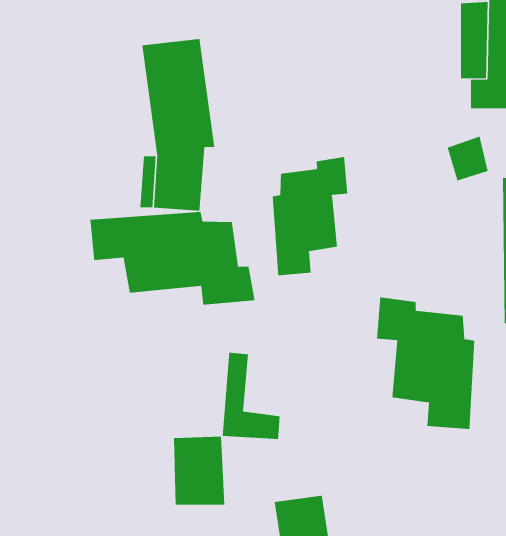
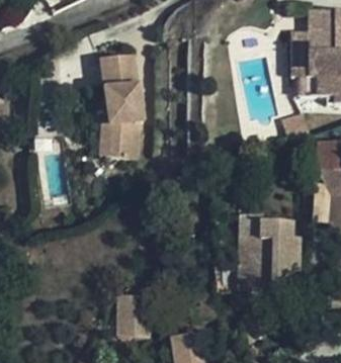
building: [272,156,348,276] -> none
building: [90,211,255,306] -> none
building: [222,352,281,440] -> [236,235,271,287]

